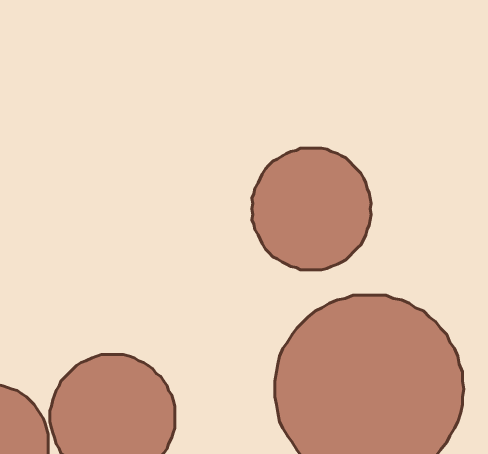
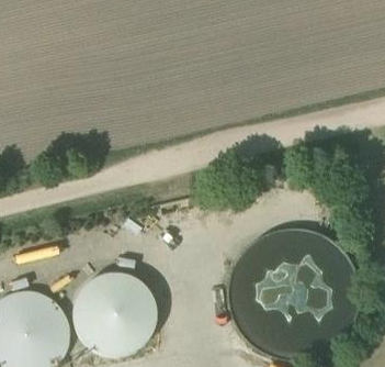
building: [252,148,371,270] -> none

